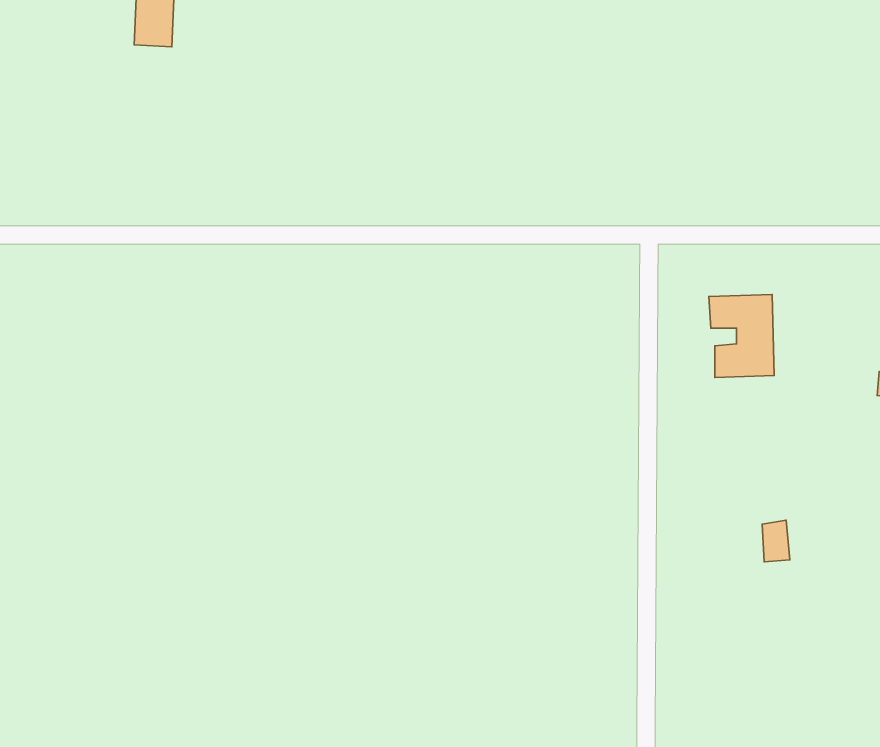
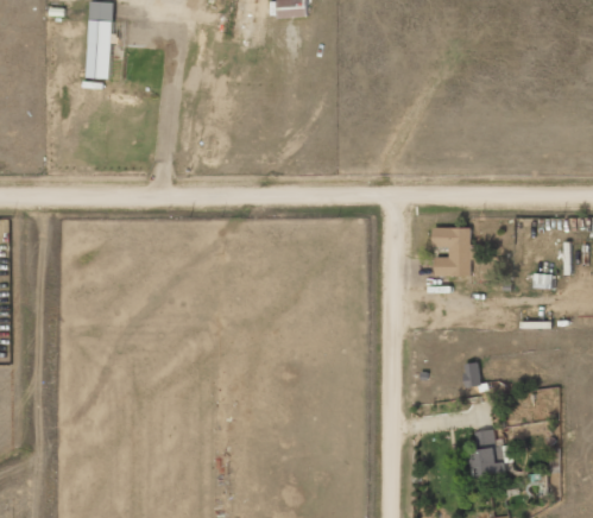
building: none -> [466,429,511,476]

